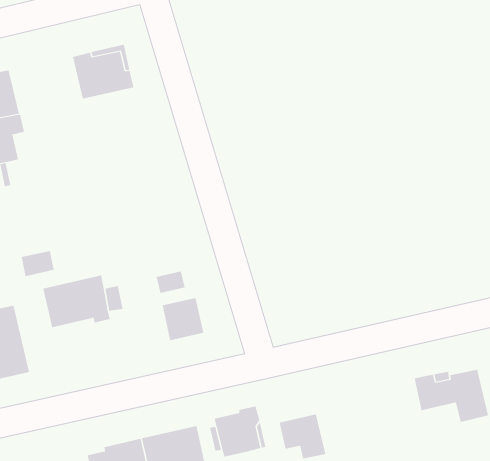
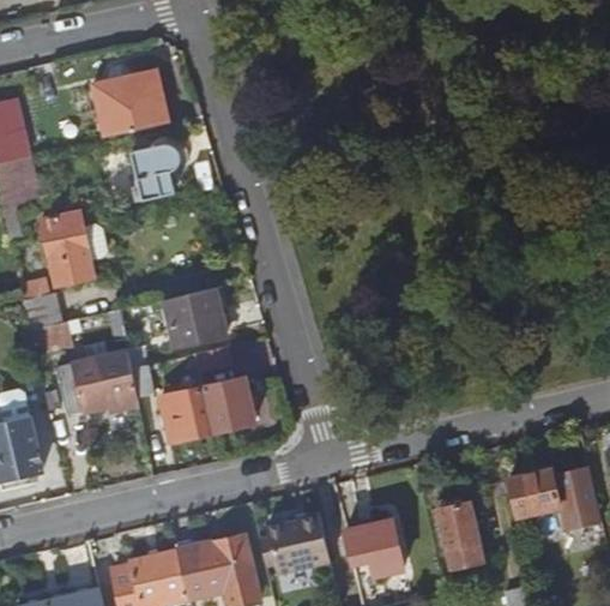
building: none -> [132,143,180,199]
building: none -> [40,212,104,286]
building: none -> [19,281,62,330]
building: none -> [147,288,224,346]
building: none -> [159,389,211,442]
building: none -> [436,498,483,566]

